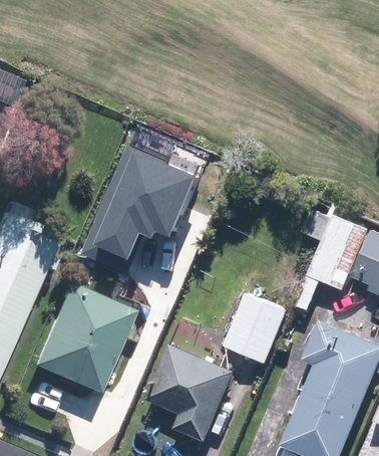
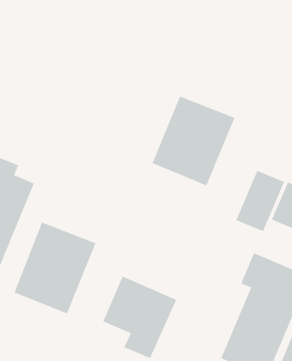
building: none -> [152,95,235,186]
building: [78,145,192,270] -> none
building: [223,292,287,363] -> none

